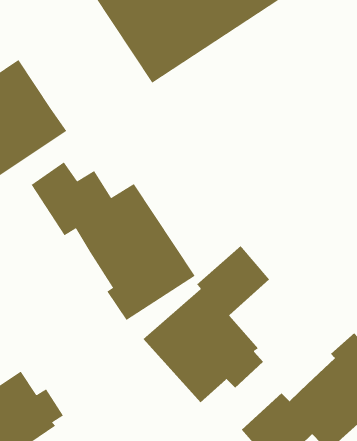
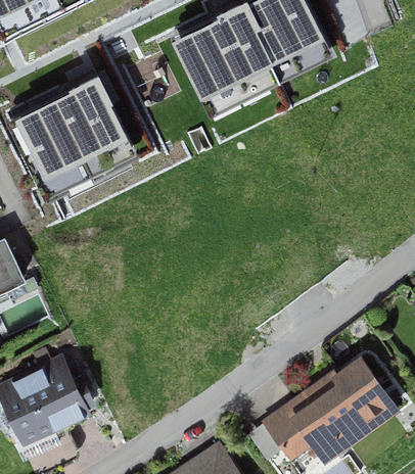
building: [31,162,196,321] -> none
building: [142,245,270,403] -> none

